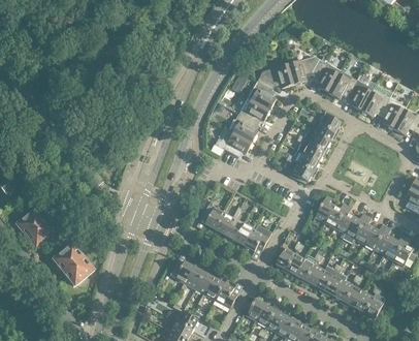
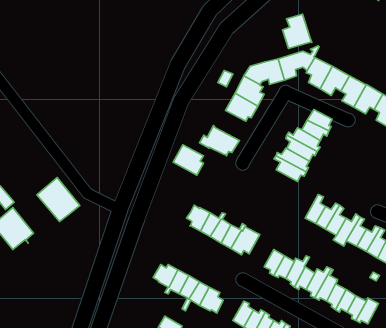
building: none -> [282,14,312,49]
building: [229,113,258,142] -> [173,145,203,175]
building: [53,242,94,284] -> [37,177,80,222]

